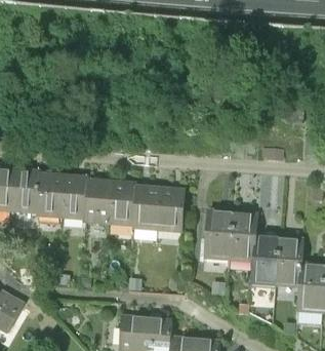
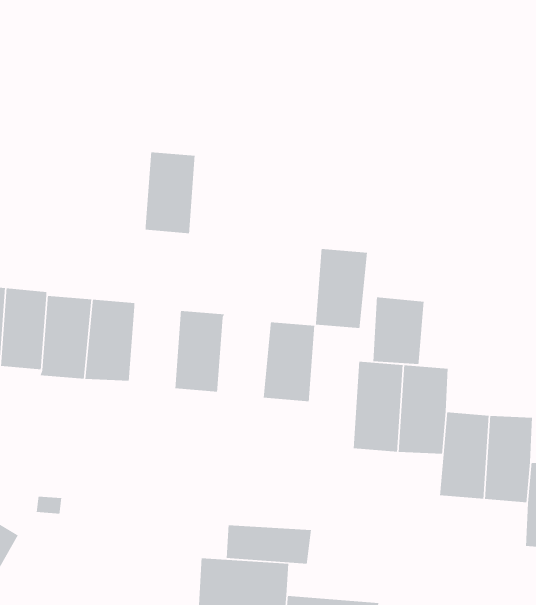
building: none -> [372,296,424,365]
building: [84,179,112,224] -> [145,152,195,234]
building: [132,185,161,229] -> [315,248,368,329]
building: none -> [226,525,312,565]

